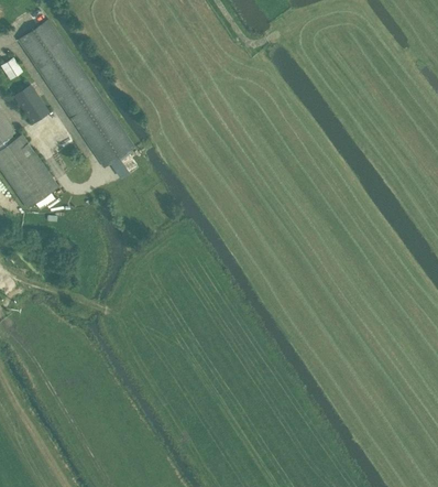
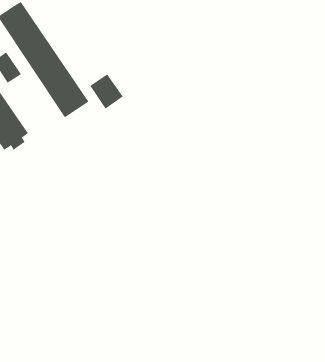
building: none -> [90,74,124,110]

